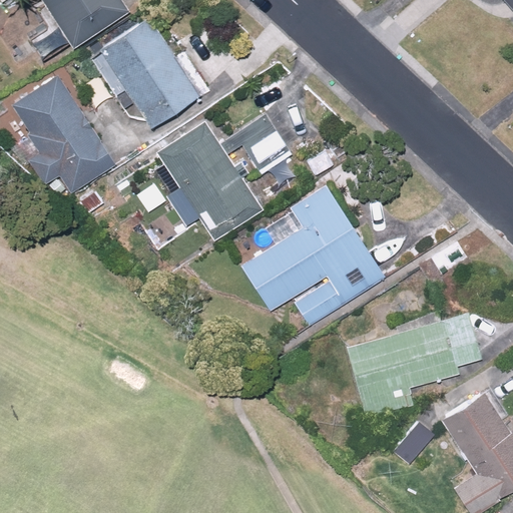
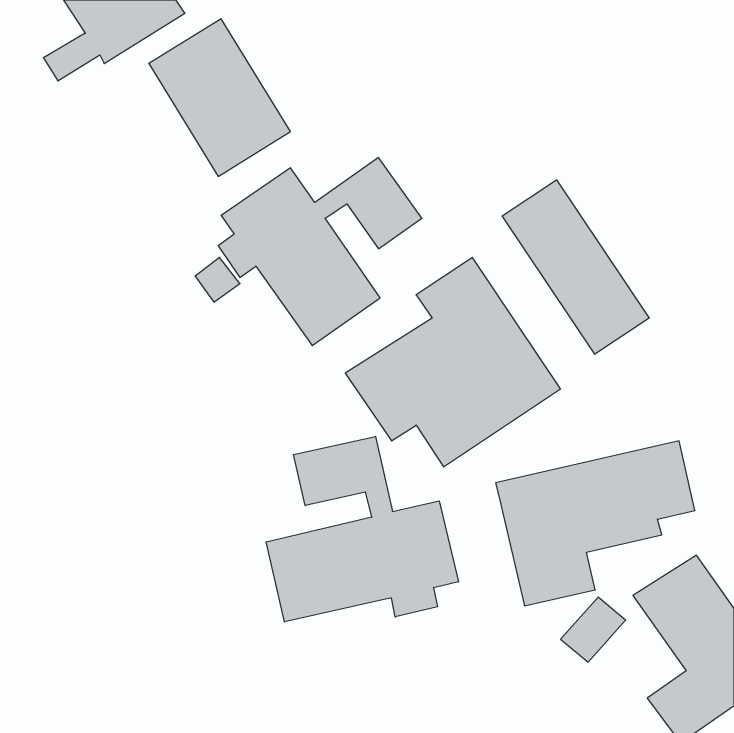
building: [13,75,118,193] -> none
building: none -> [502,180,649,354]
building: none -> [266,436,458,622]

